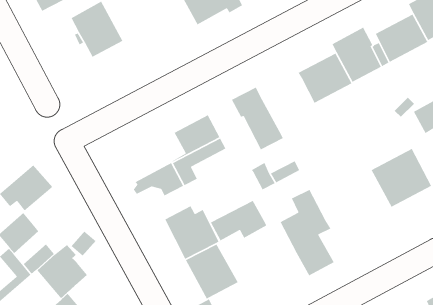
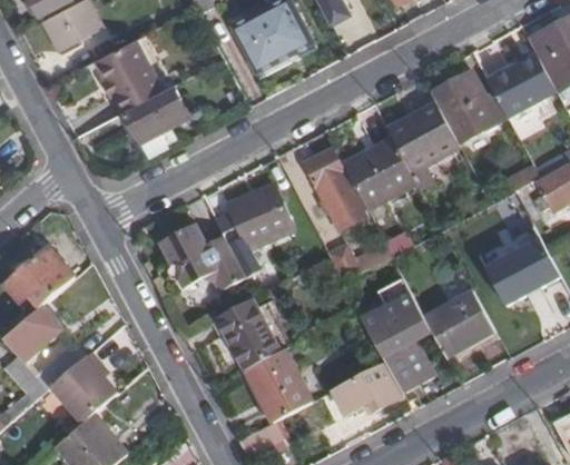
building: none -> [122,85,187,139]
building: none -> [342,138,415,210]
building: none -> [156,224,225,270]
building: none -> [423,293,494,356]
building: [210,200,267,241] -> [328,362,402,415]

